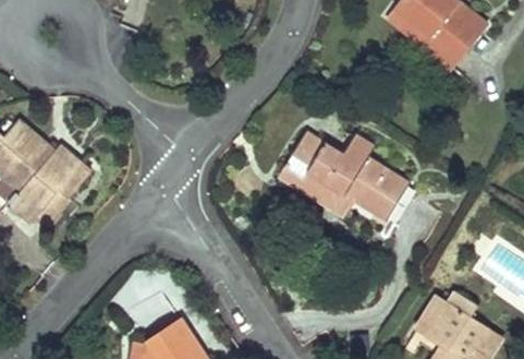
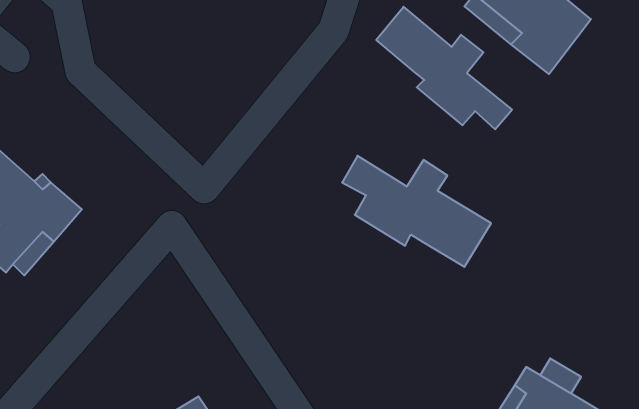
building: none -> [376,7,512,129]
building: [279,153,353,215] -> none

